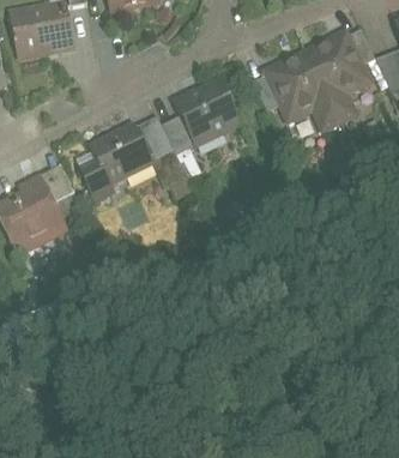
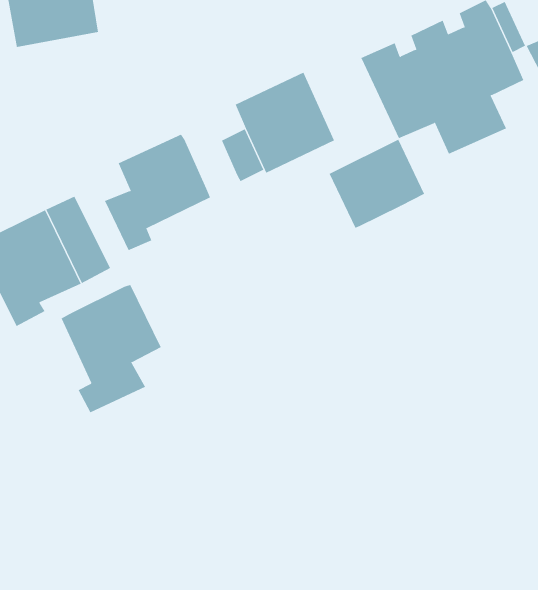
building: [137,114,173,158] -> none
building: none -> [329,139,425,229]
building: none -> [61,284,162,413]

